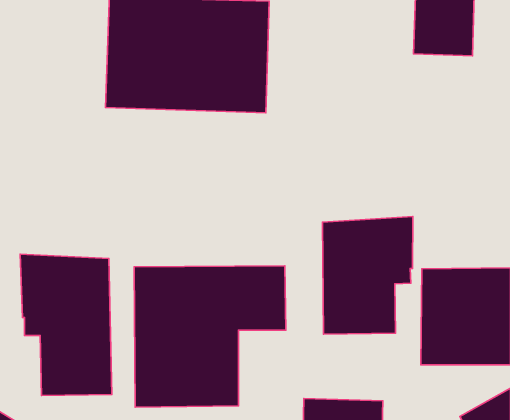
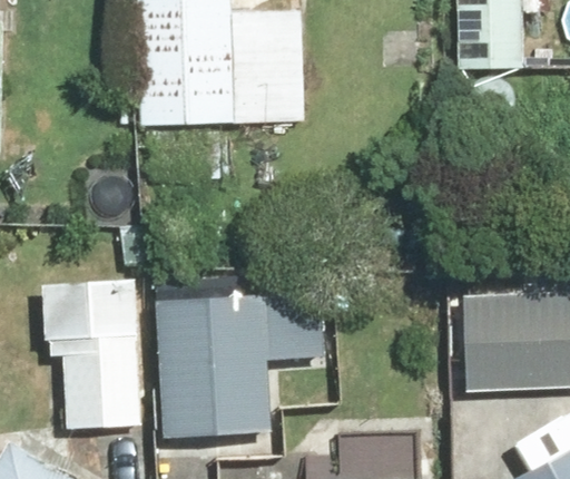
building: [323,216,413,334] -> none

